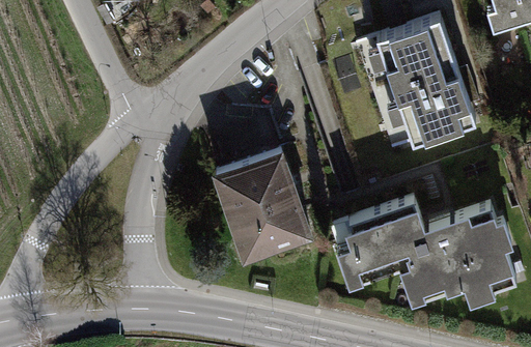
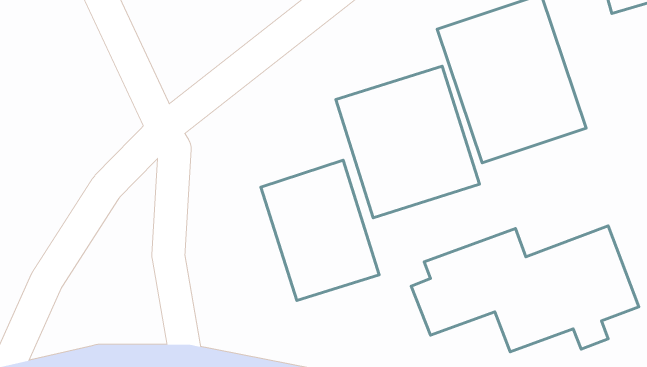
building: none -> [336,66,480,218]

